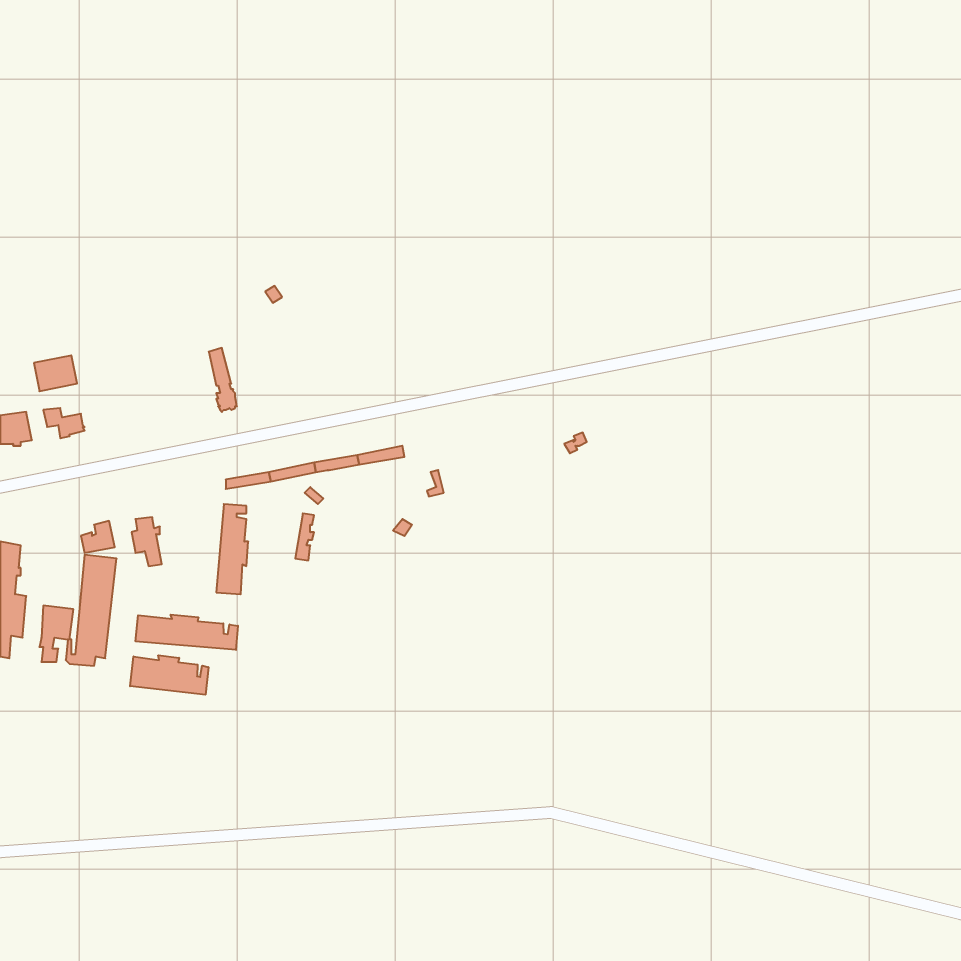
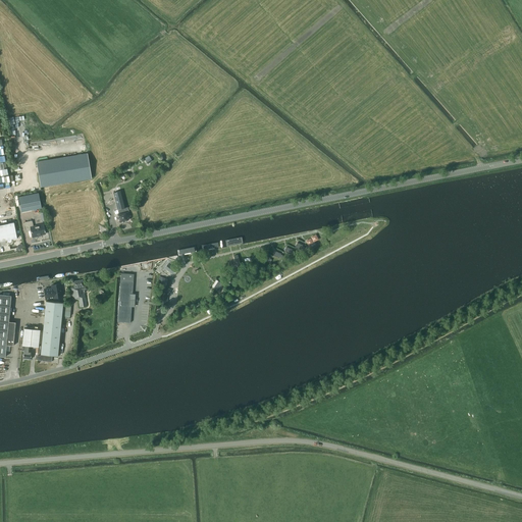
building: none -> [37,153,92,187]
building: [136,615,238,650] -> none
building: [130,655,208,695] -> none

